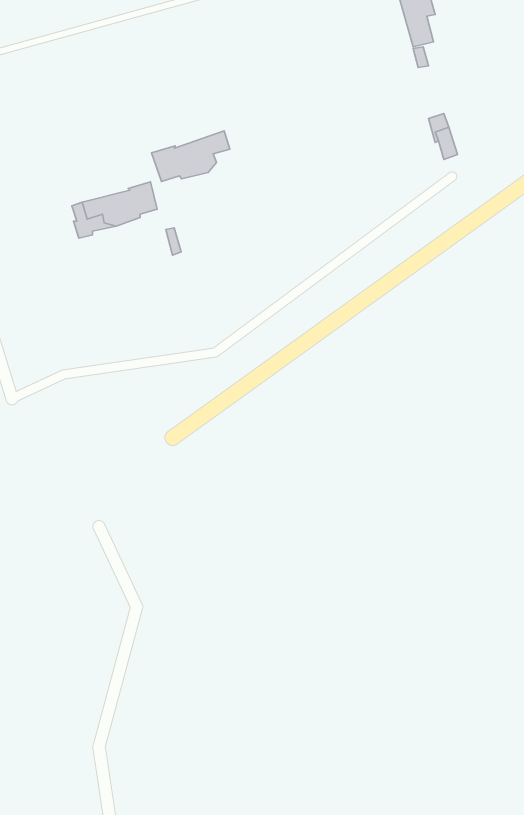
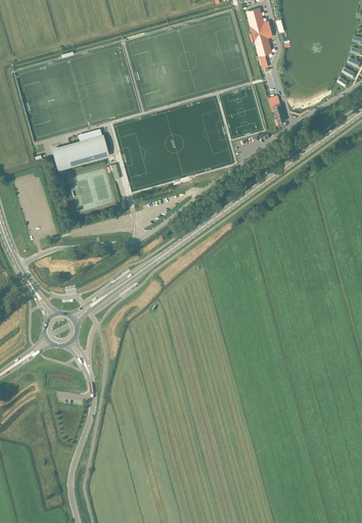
building: [151,131,230,181] -> none

